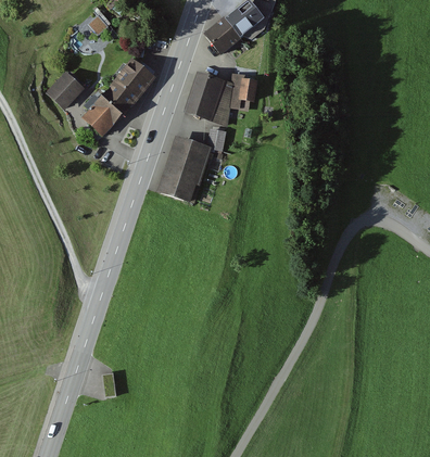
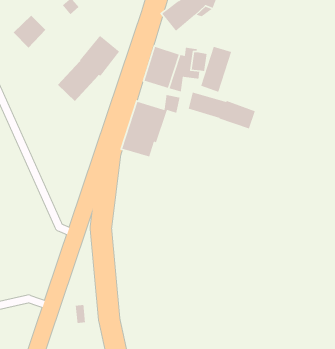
building: none -> [200,46,232,93]
building: [45,71,84,110] -> [13,15,46,48]
building: none -> [188,92,256,129]

